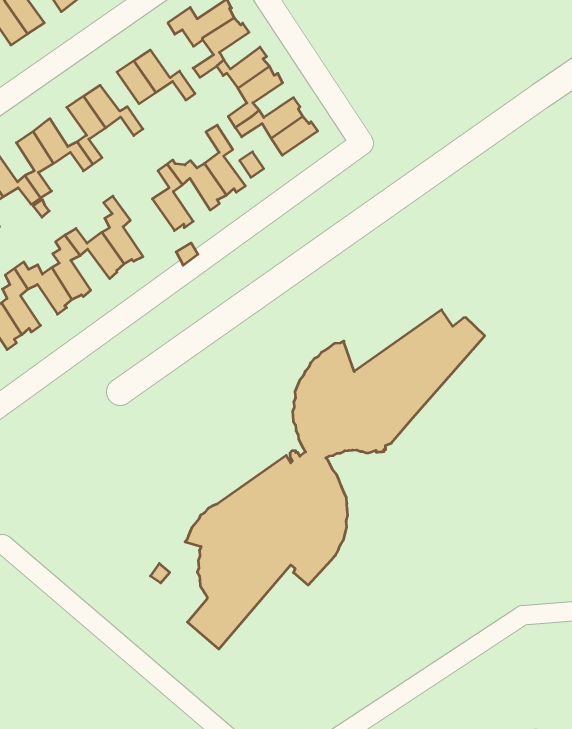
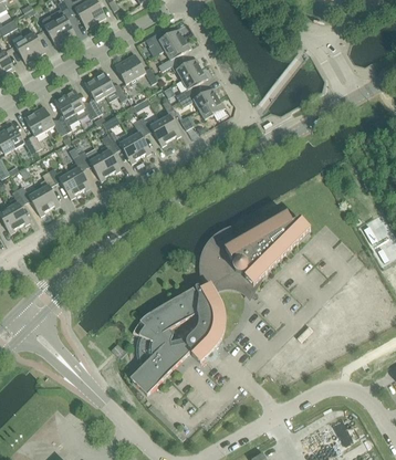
building: none -> [106,129,139,163]

